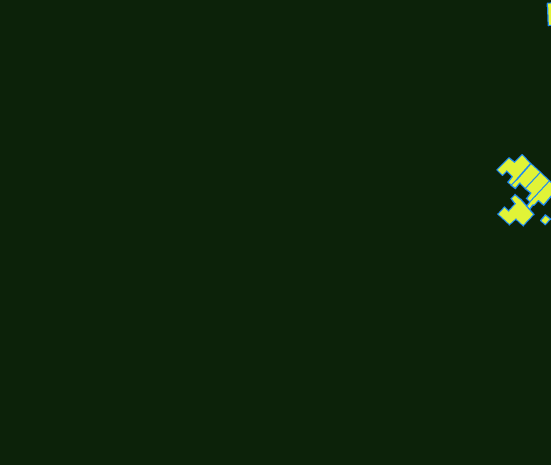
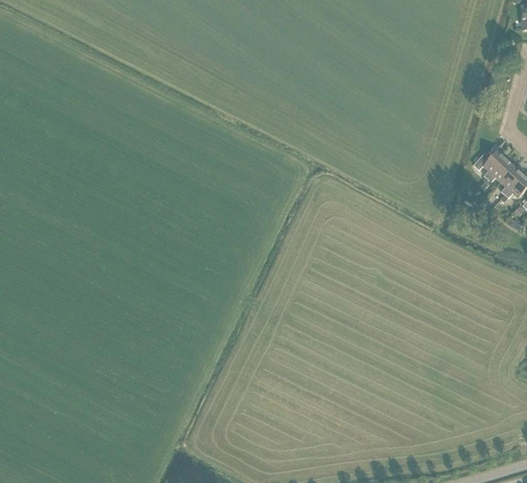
building: [498,194,534,226] -> none

